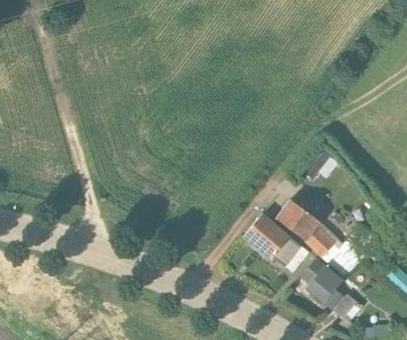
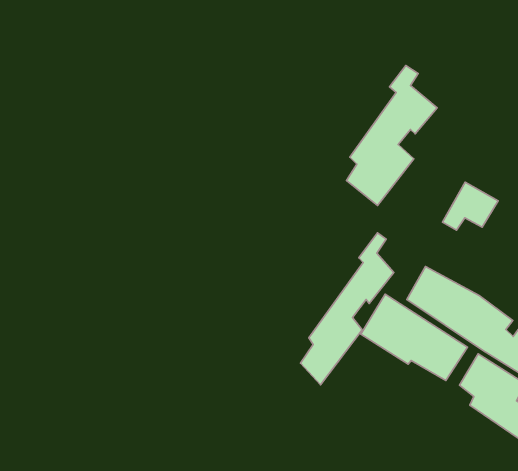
building: none -> [347,66,437,206]
building: none -> [301,233,394,385]

